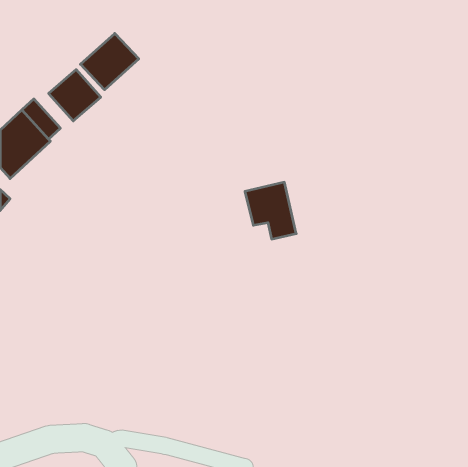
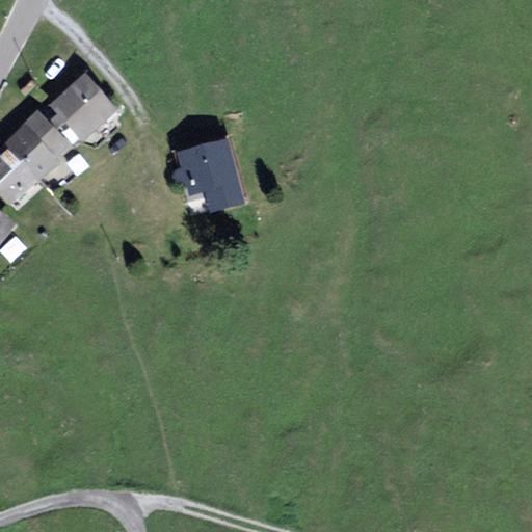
building: [80,33,139,90] -> none
building: [245,182,296,239] -> [184,143,242,208]

